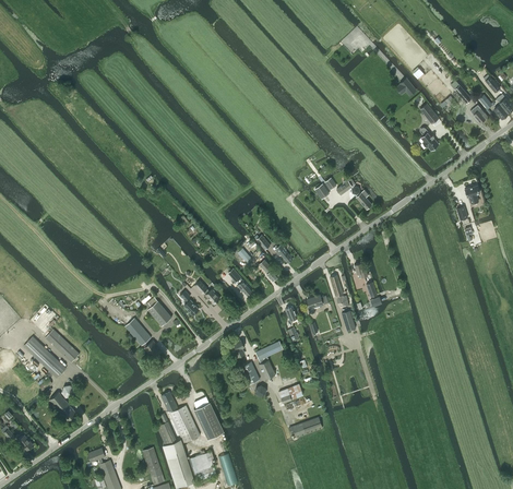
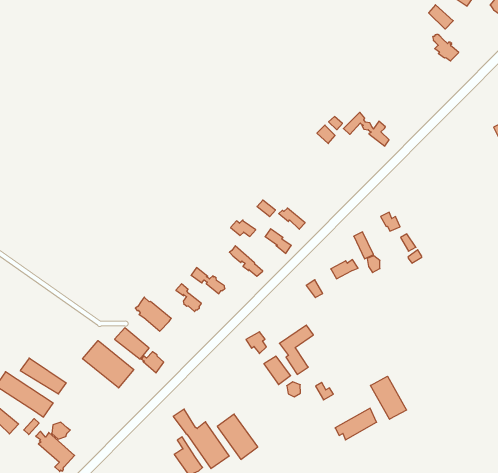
building: none -> [83,341,134,388]
building: none -> [370,376,407,419]

